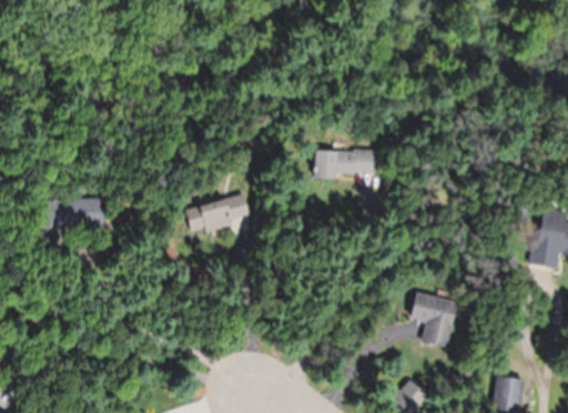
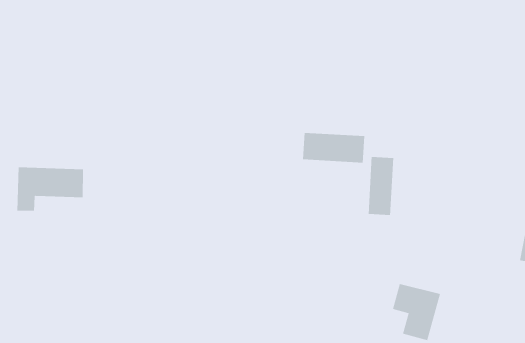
building: none -> [368,156,394,216]
building: [185,195,250,233] -> none

